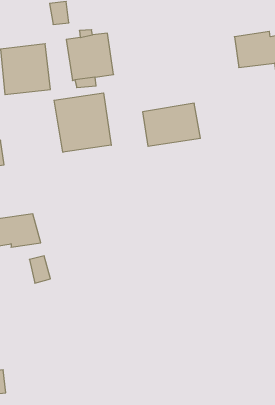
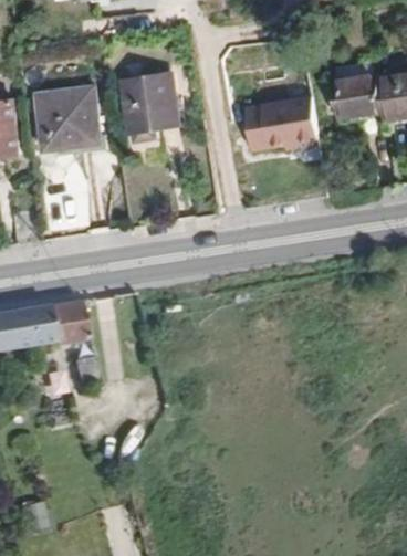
building: [54,93,111,152] -> none
building: [143,103,200,146] -> [244,95,317,149]

